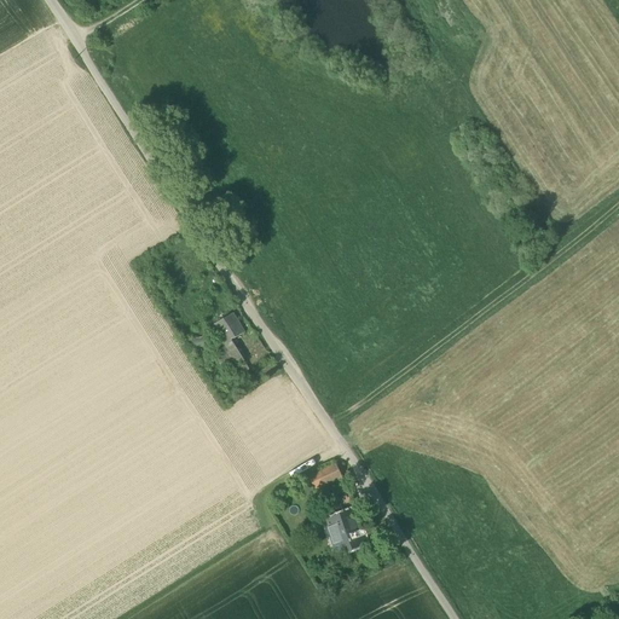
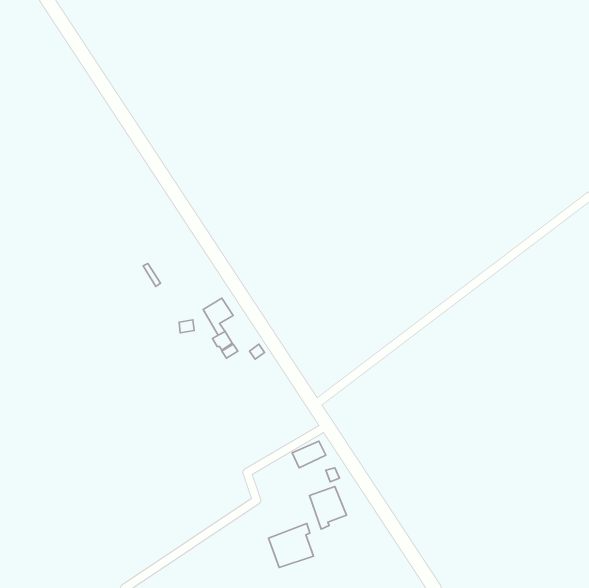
building: none -> [269,523,313,567]

